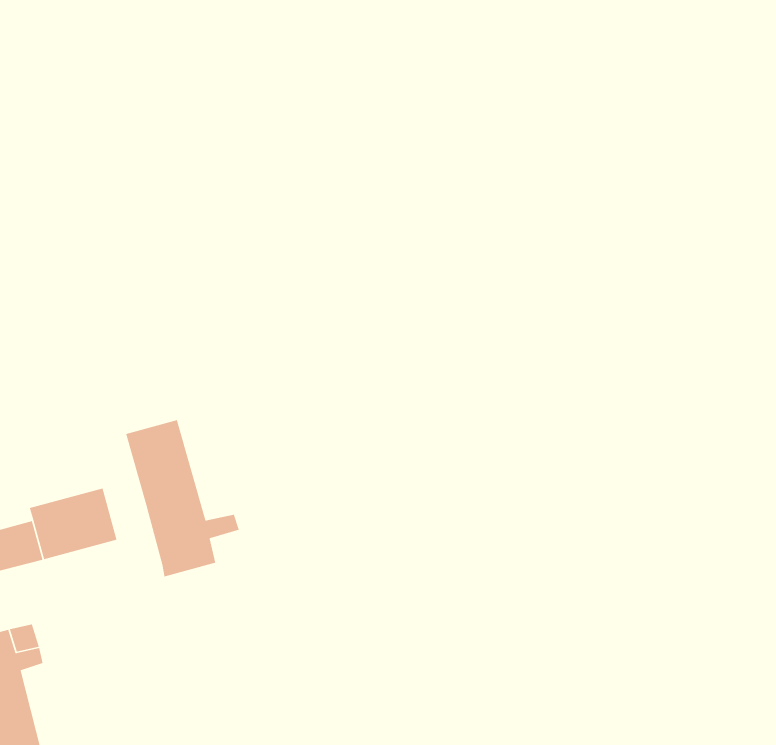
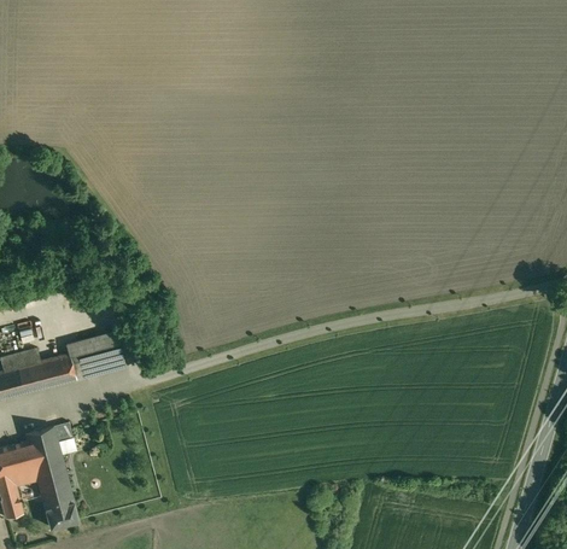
building: [125,419,240,578] -> none

